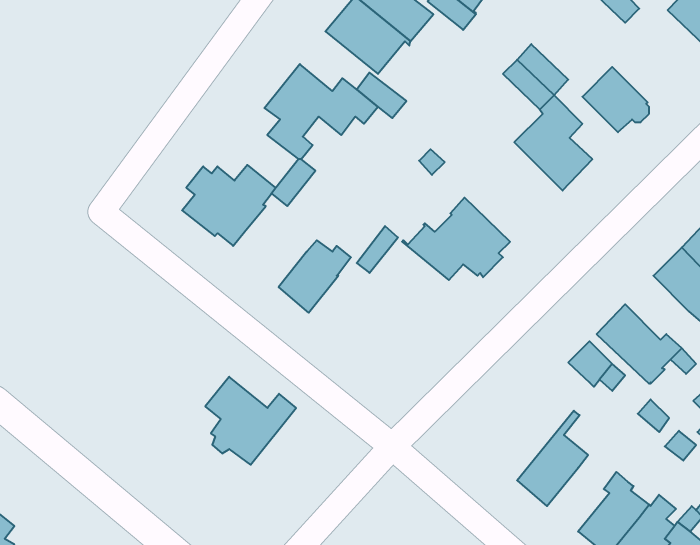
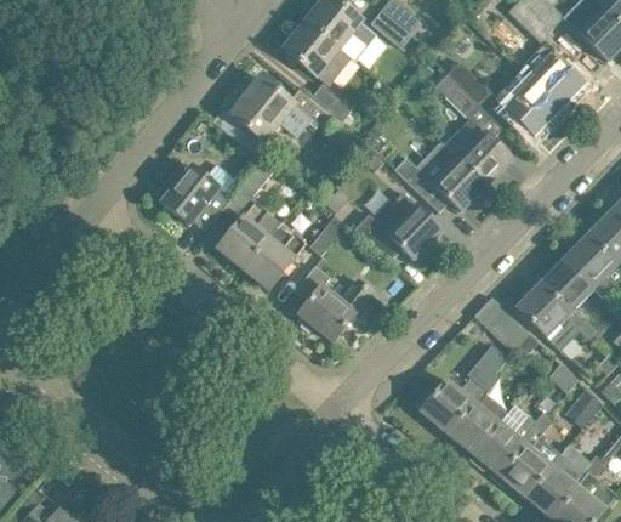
building: none -> [518,42,583,109]
building: none -> [404,141,485,211]
building: none -> [216,202,279,267]
building: none -> [539,257,593,312]
building: [205,377,296,465] -> [294,265,371,340]
building: none -> [415,368,495,432]
building: none -> [467,412,552,476]

